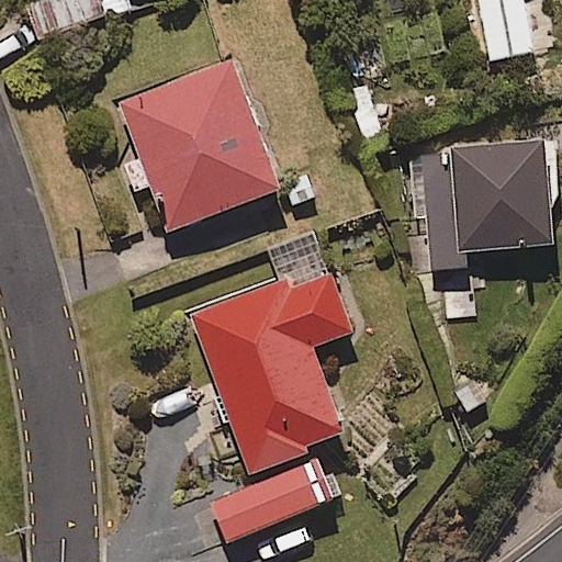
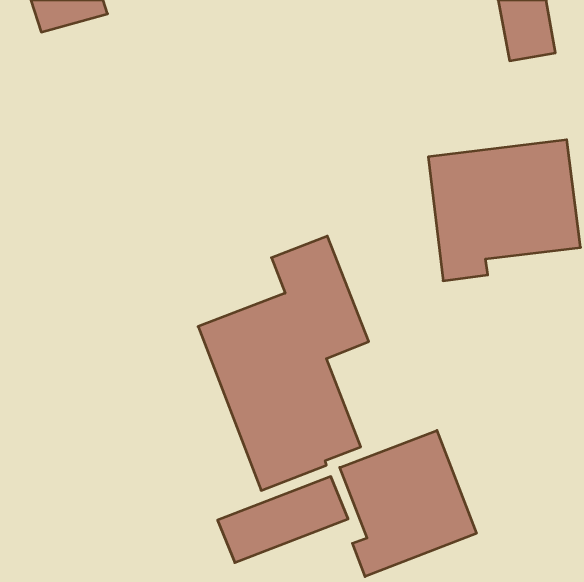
building: [119,59,281,233] -> none
building: none -> [340,430,476,577]

